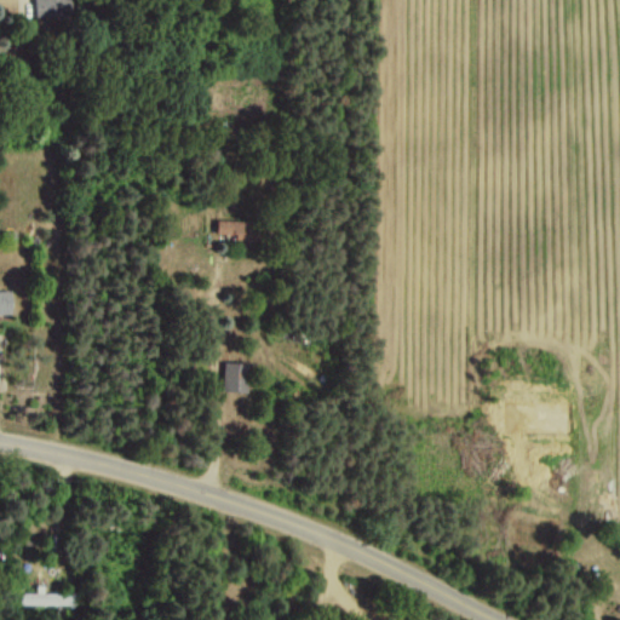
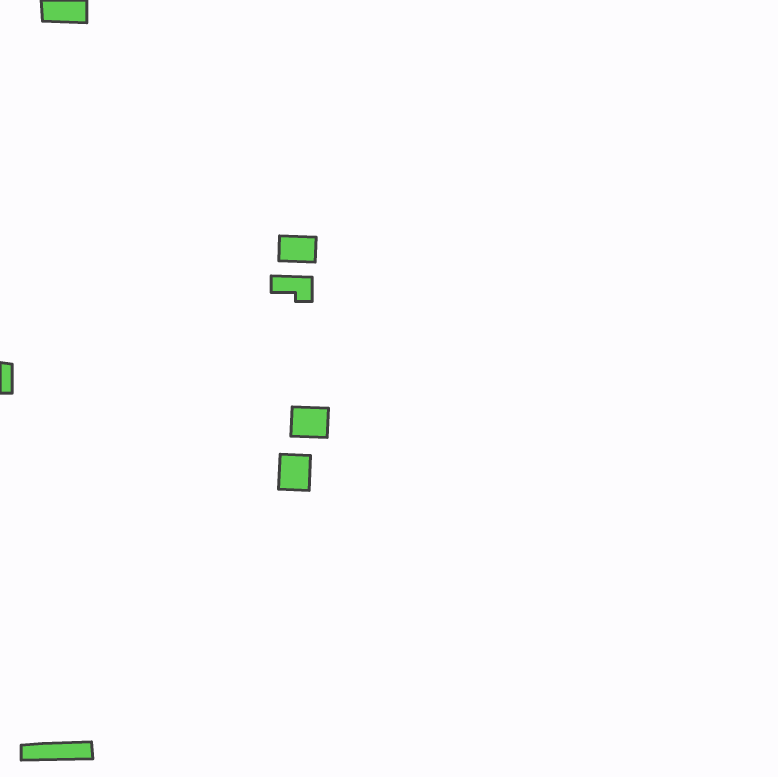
building: none -> [279,236,316,262]
building: none -> [291,407,328,437]

